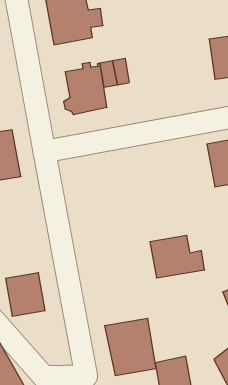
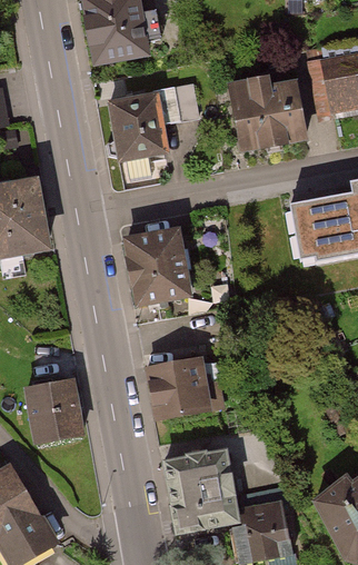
building: none -> [221,70,302,153]
building: none -> [125,230,189,305]
building: [150,235,205,278] -> [147,359,222,418]

